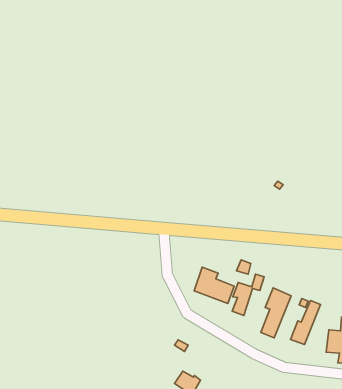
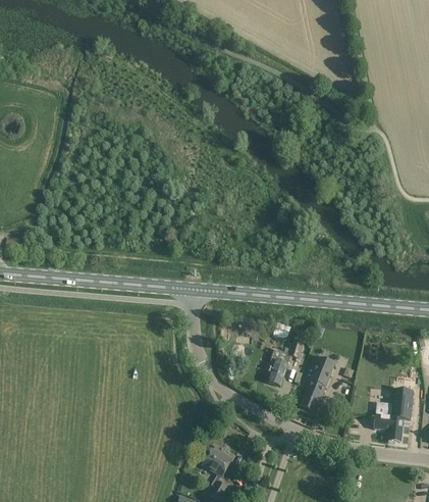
building: [194,267,234,303] -> none
building: [290,300,320,344] -> none

